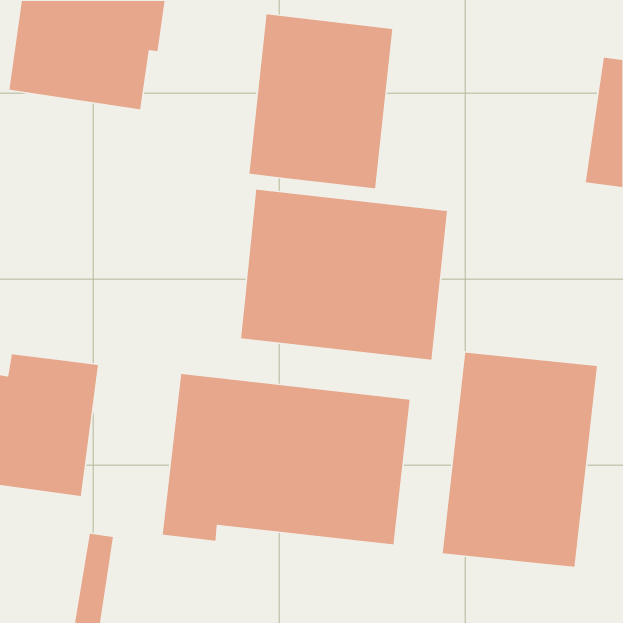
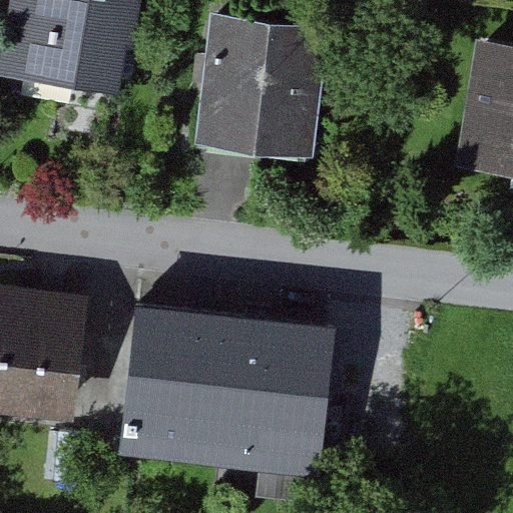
building: [240,189,448,361] -> none
building: [442,352,598,568] -> none

